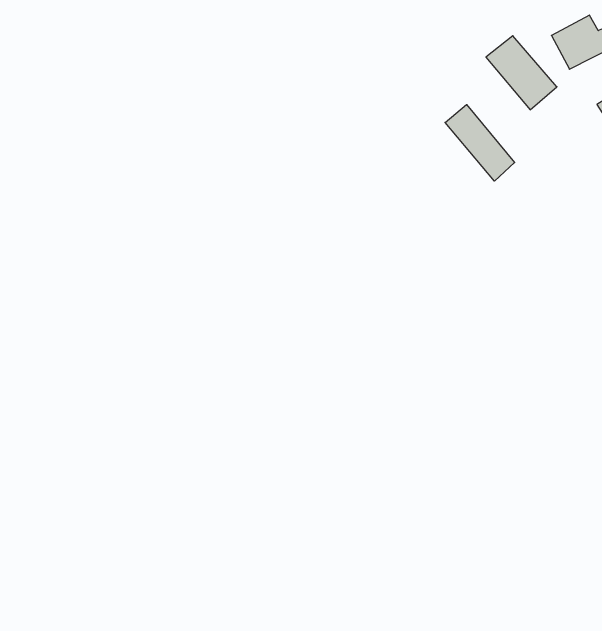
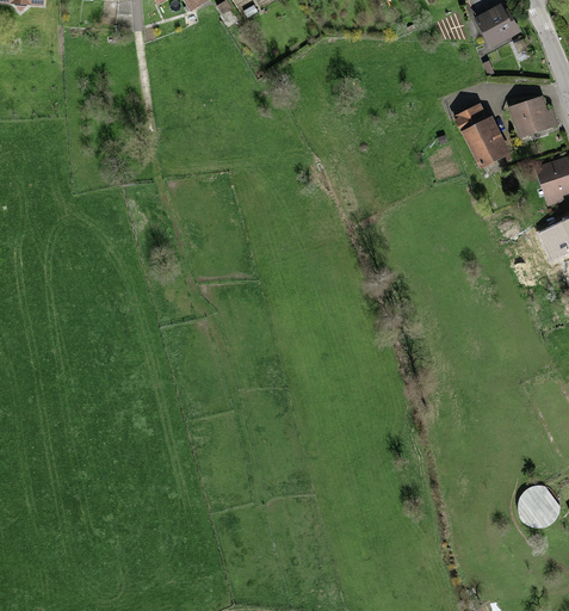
building: [445,105,515,181] -> none

